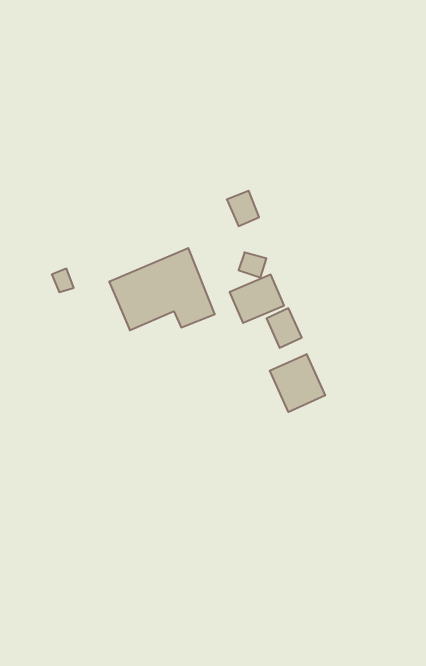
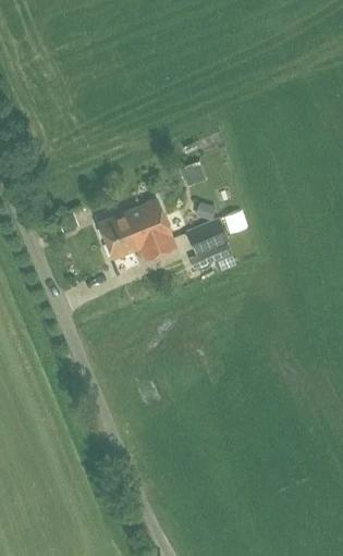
building: [270,354,325,412] -> none

